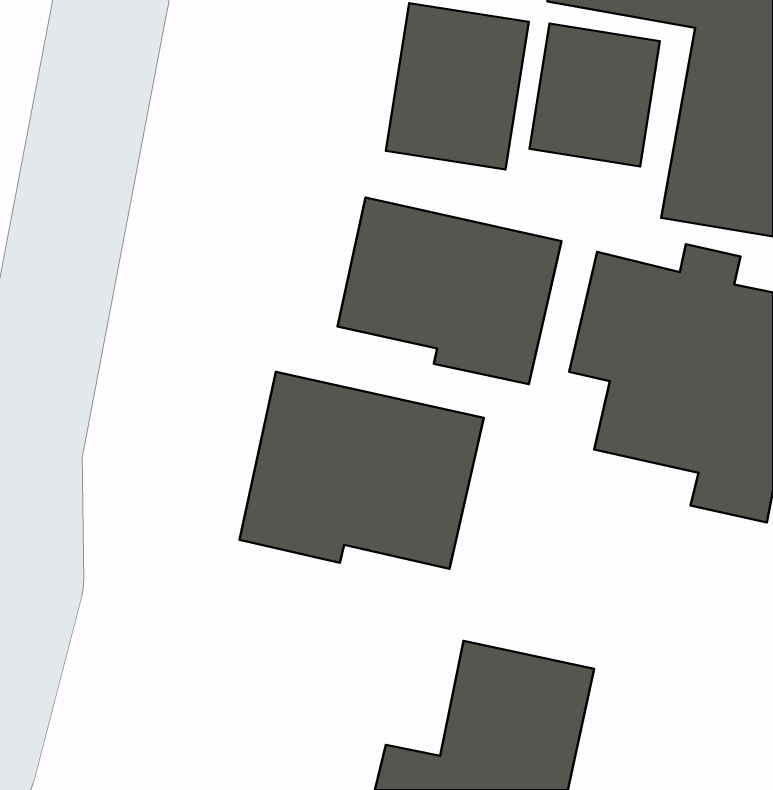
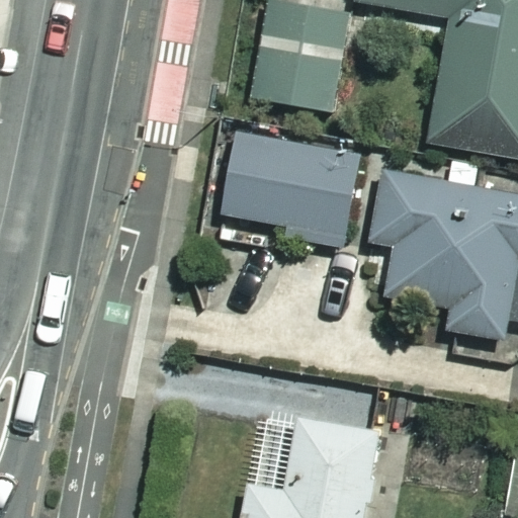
building: [530,23,660,166] -> none
building: [240,372,484,569] -> none

